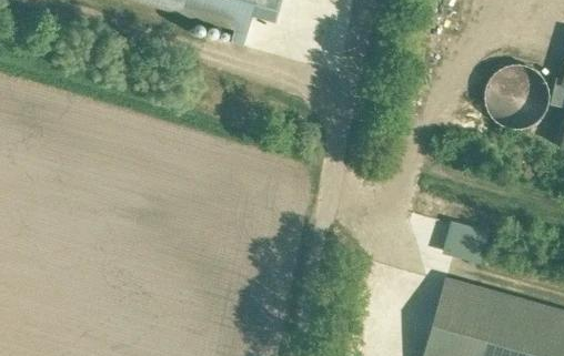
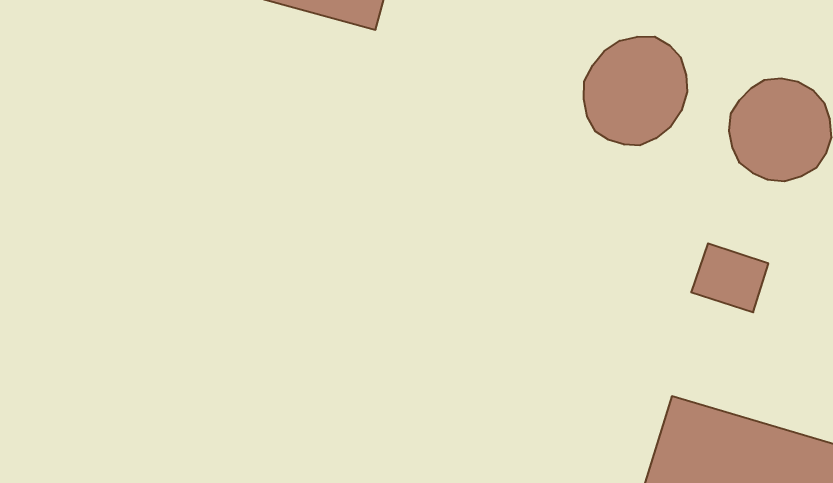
building: none -> [584,37,687,145]
building: [432,221,483,266] -> [691,243,768,312]

